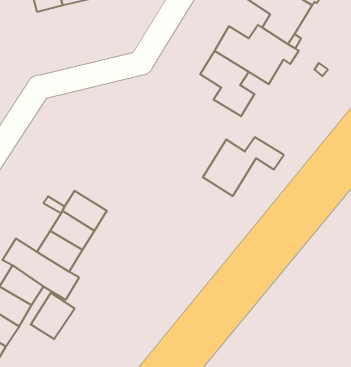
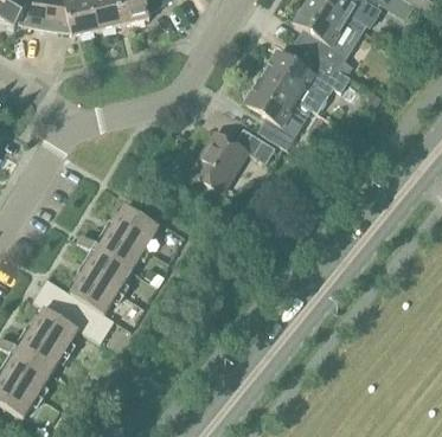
building: [203,137,284,196] -> [188,129,275,192]
building: none -> [110,205,158,249]
building: [31,293,75,339] -> none

